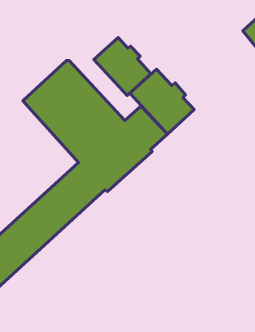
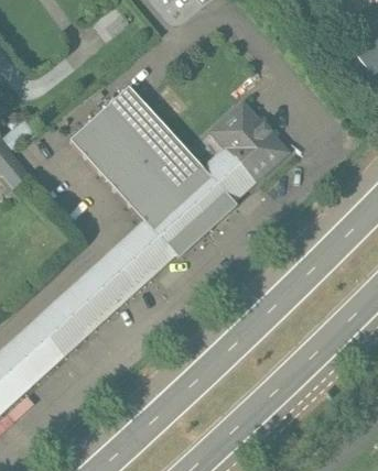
building: [94,37,151,96] -> none

